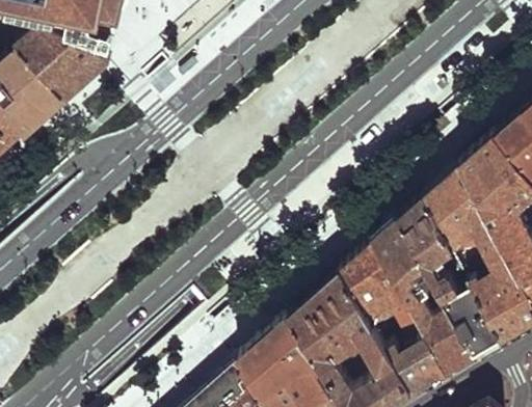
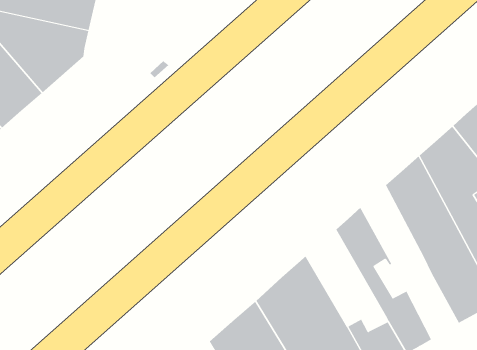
building: [397,198,462,301] -> none
building: [340,245,423,347] -> none
building: [444,291,500,360] -> none

